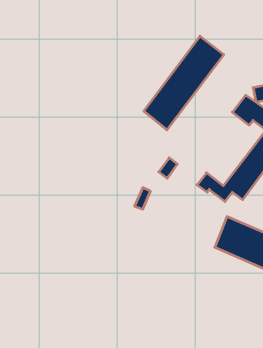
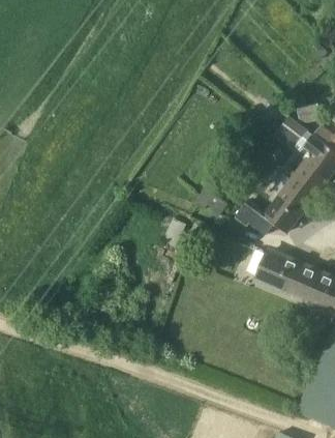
building: [144,36,224,130] -> none

